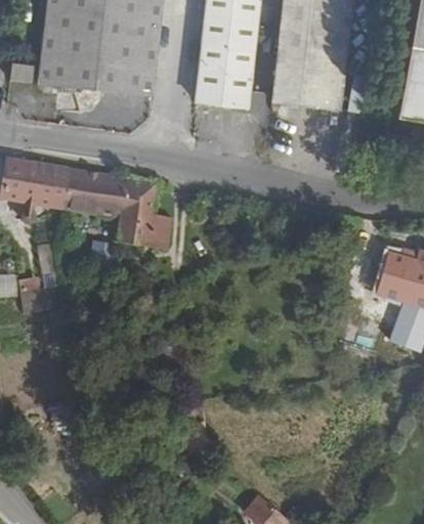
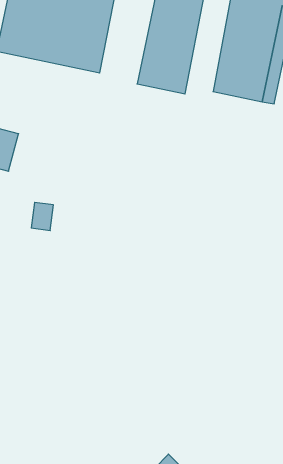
building: [63,168,160,246] -> none

